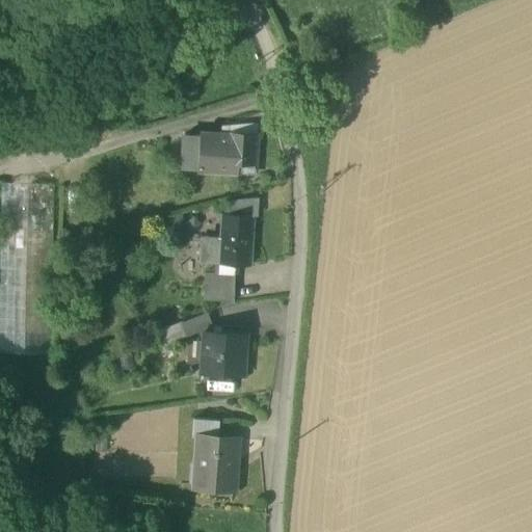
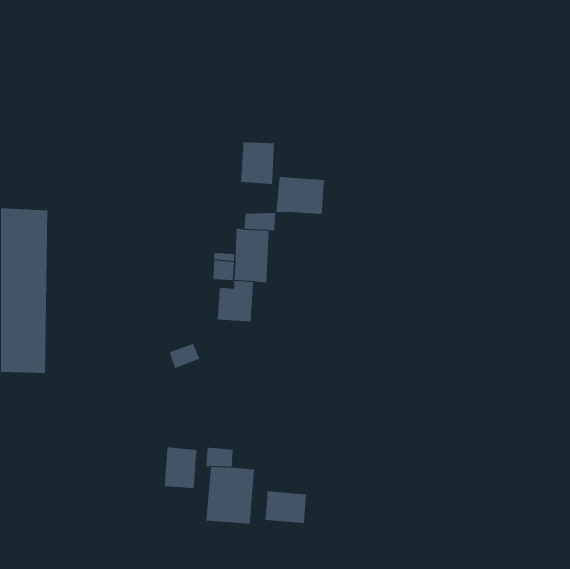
building: [181,136,227,171] -> [276,177,325,215]
building: [201,330,244,374] -> none
building: none -> [164,446,197,489]
building: none -> [265,491,306,524]

